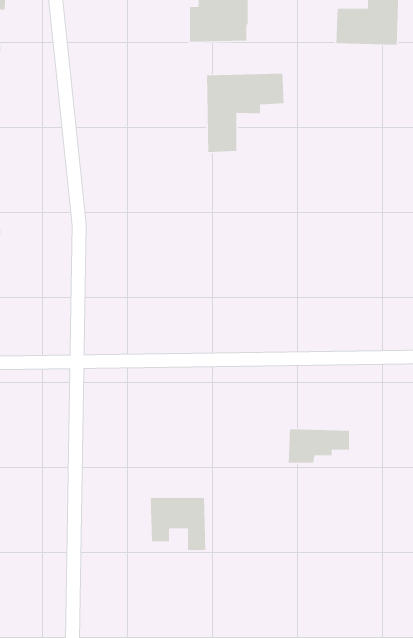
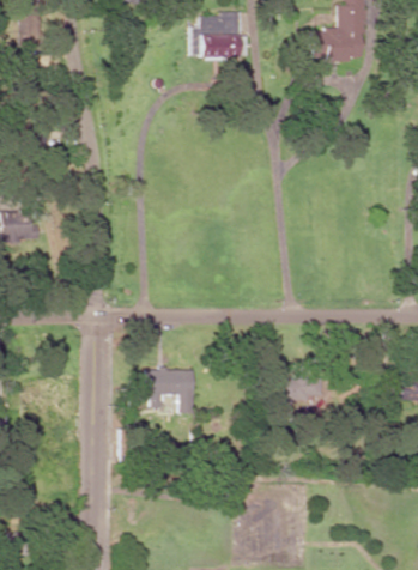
building: [206,73,284,153] -> none
building: [150,497,206,551] -> [149,369,195,413]

